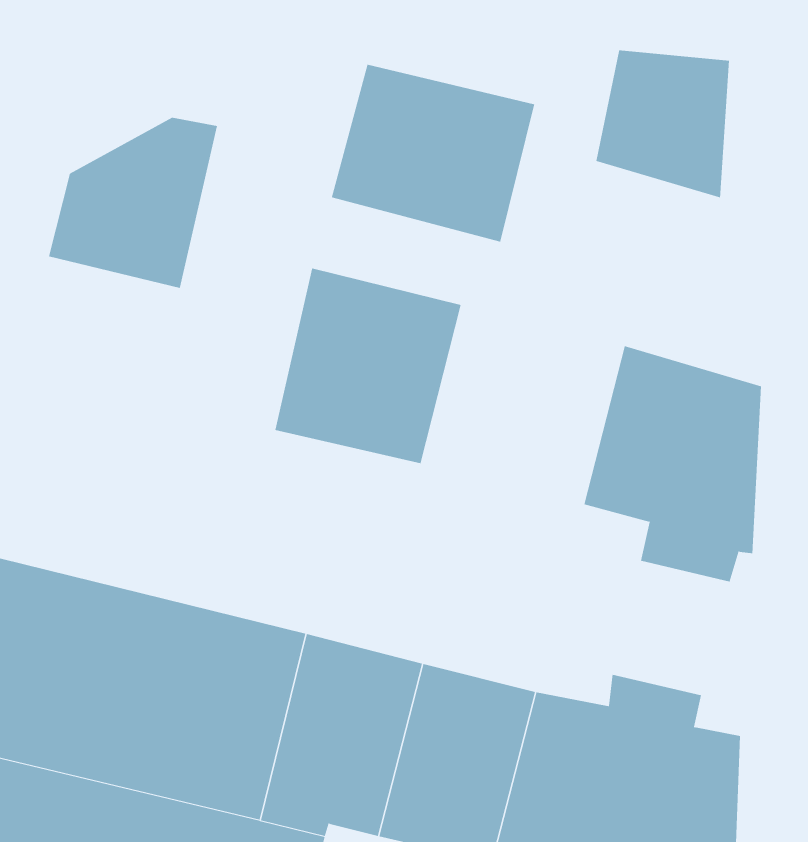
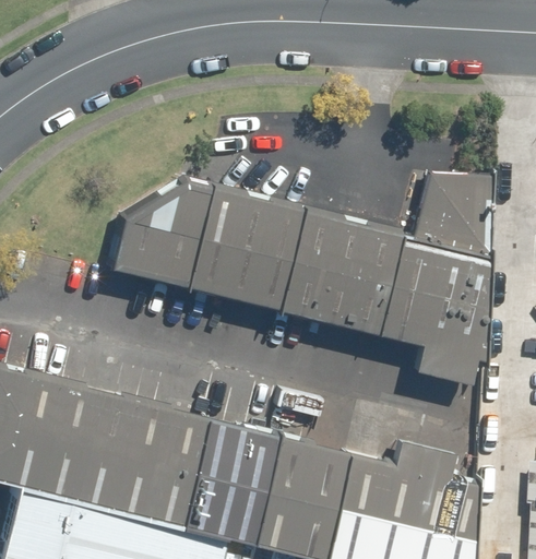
building: [595,50,730,198] -> [410,170,493,262]
building: [331,64,535,243] -> none
building: [48,117,218,288] -> [105,183,210,289]
building: none -> [277,212,403,335]

